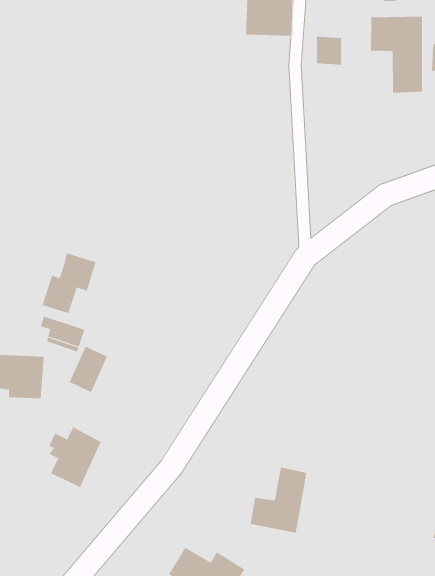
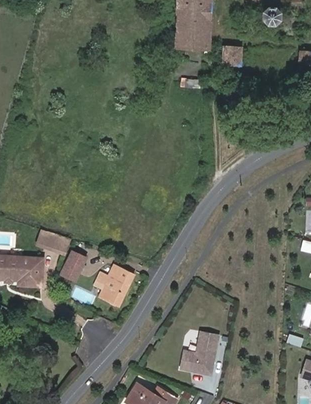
building: [371,16,423,94] -> none
building: [42,252,96,314] -> none
building: [49,427,101,489] -> [98,264,133,305]

